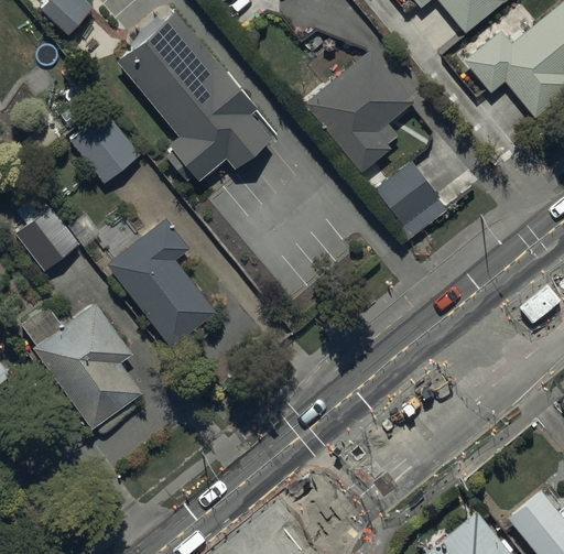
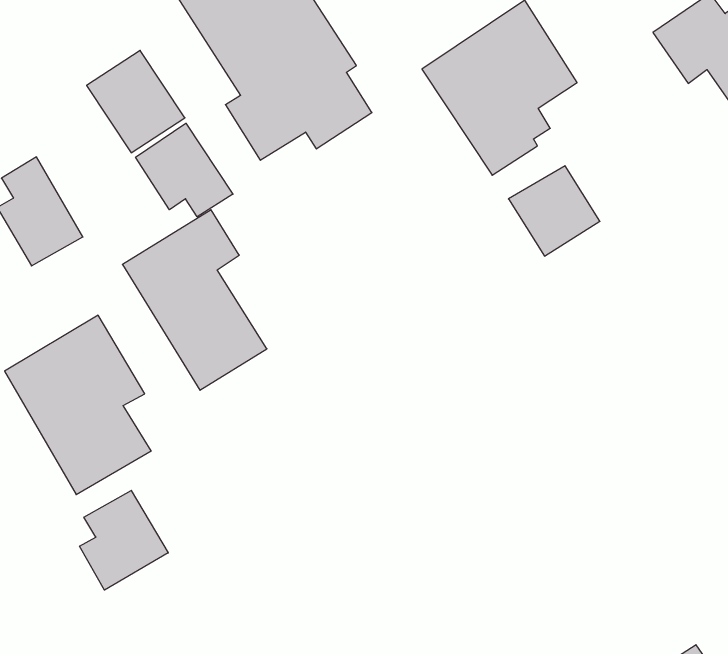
building: none -> [136,123,233,217]
building: none -> [80,490,168,590]

